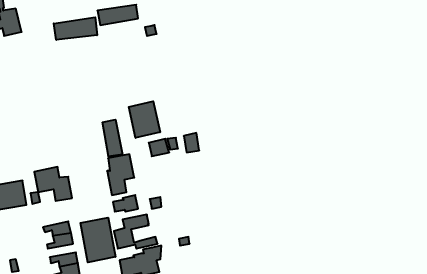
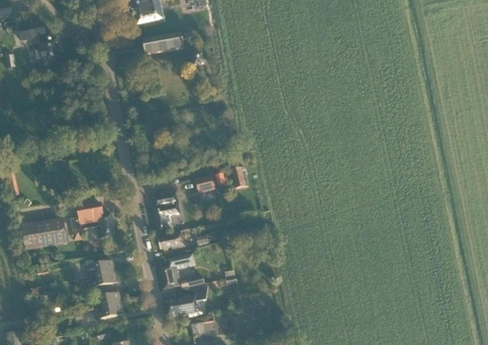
building: [54,17,97,40] -> none
building: [129,101,160,138] -> none
building: [103,120,122,157] -> none
building: [80,218,115,262] -> none

